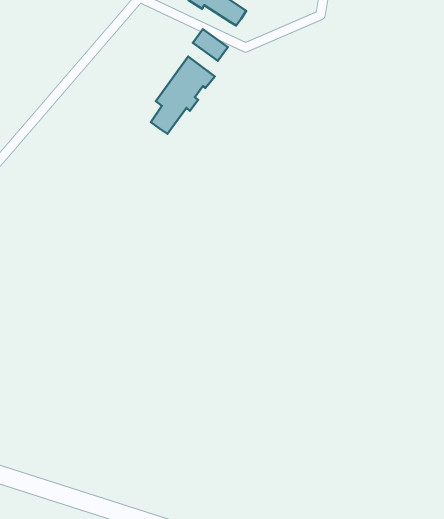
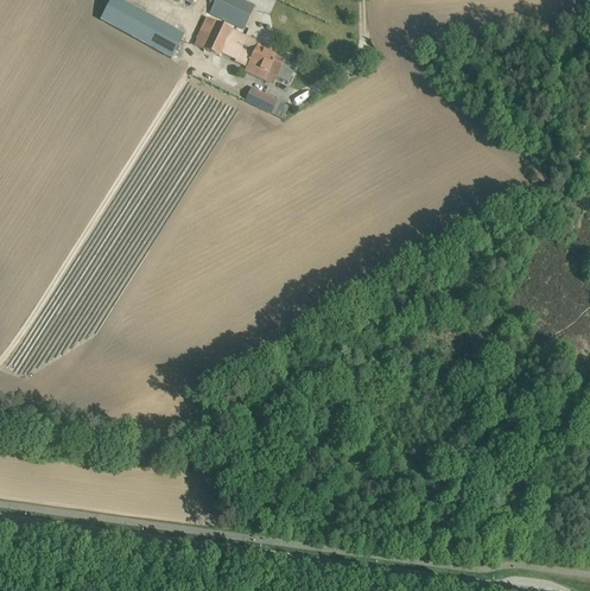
building: [151,56,215,134] -> none

